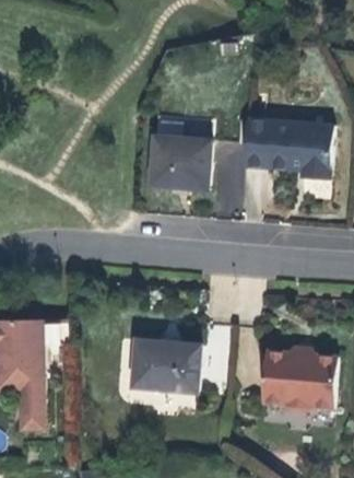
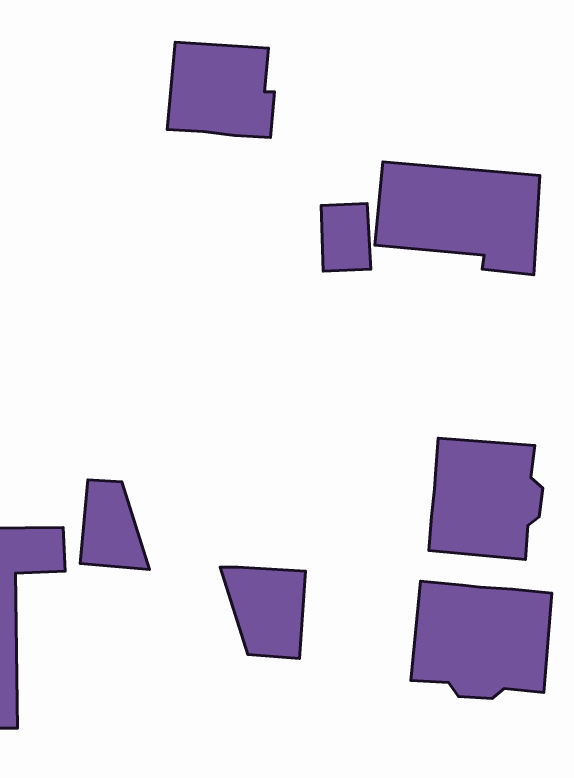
building: [150,137,209,189] -> [167,42,275,138]
building: none -> [429,438,543,560]
building: [133,340,172,389] -> [80,480,150,569]

